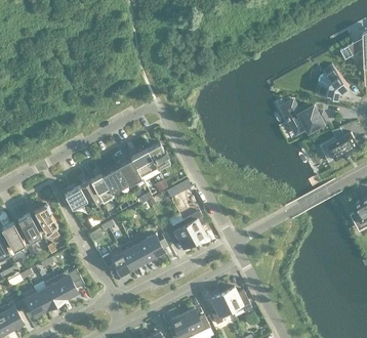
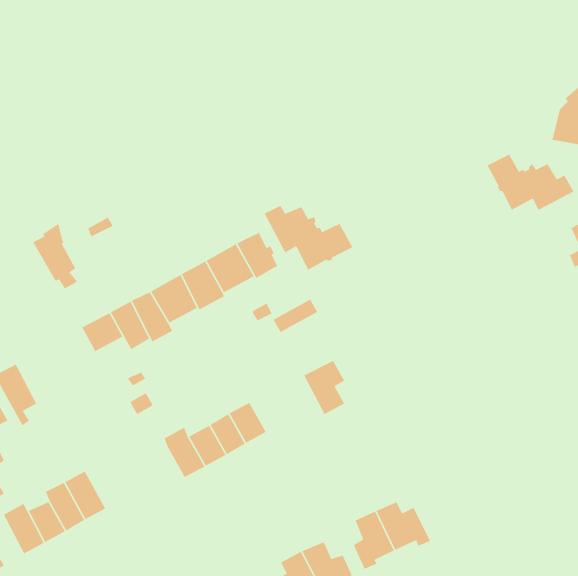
building: none -> [264,205,353,271]
building: [33,203,57,239] -> [32,223,78,290]
building: [163,221,194,249] -> none

